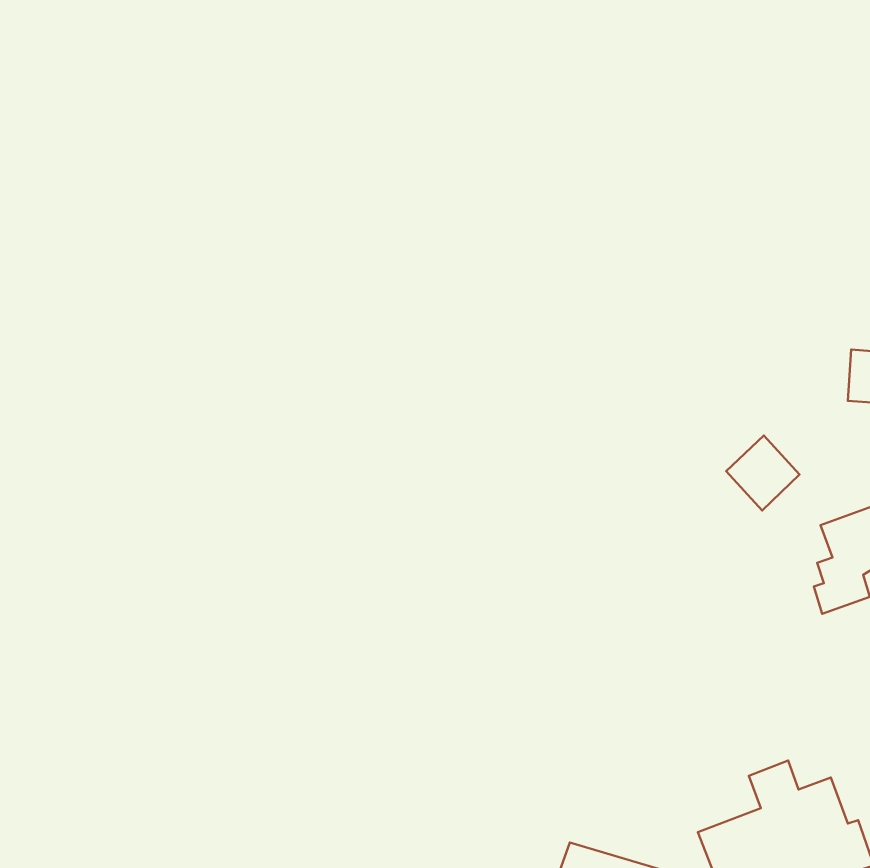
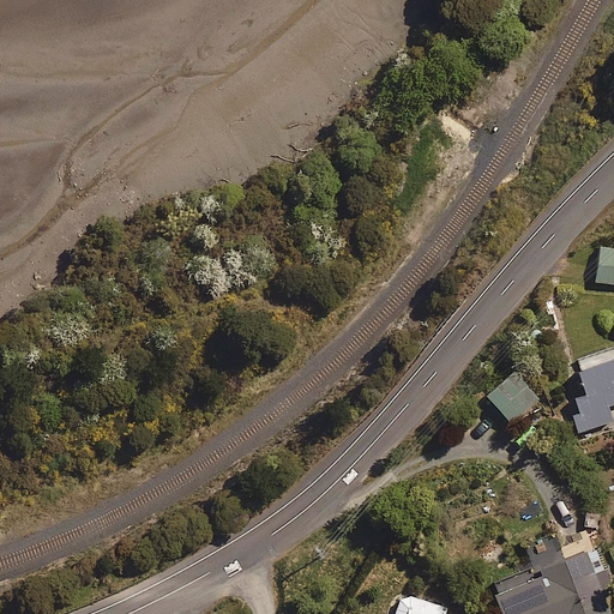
building: [726,435,800,510] -> [487,371,538,423]

